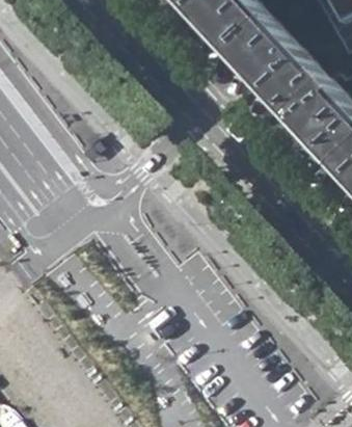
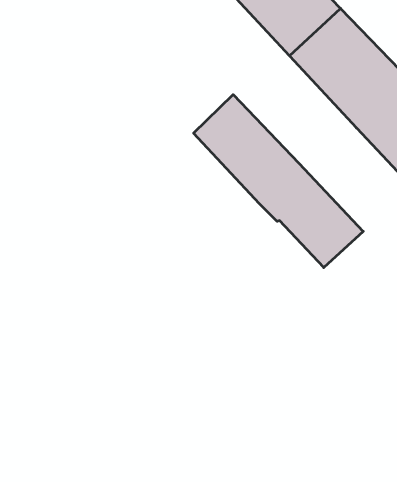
building: none -> [194,95,363,268]

